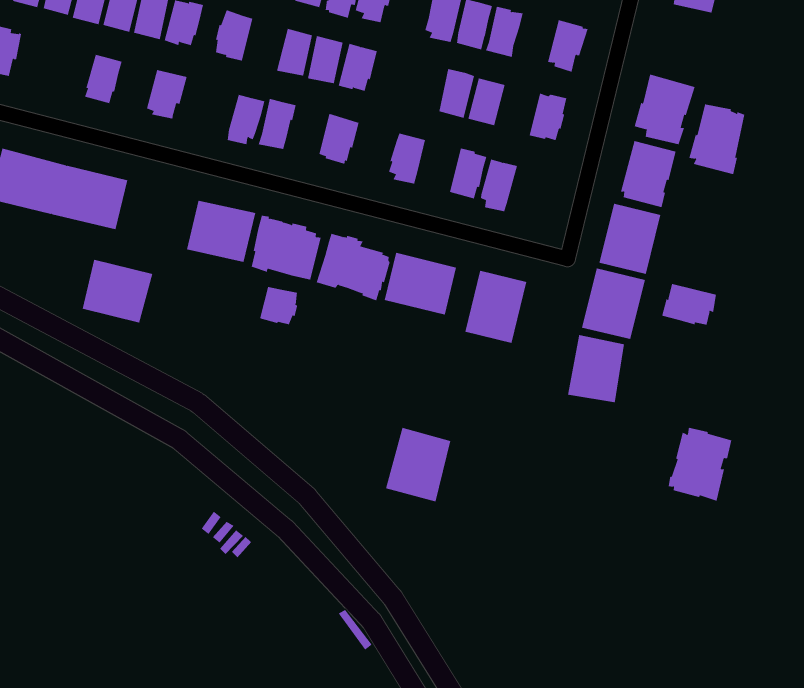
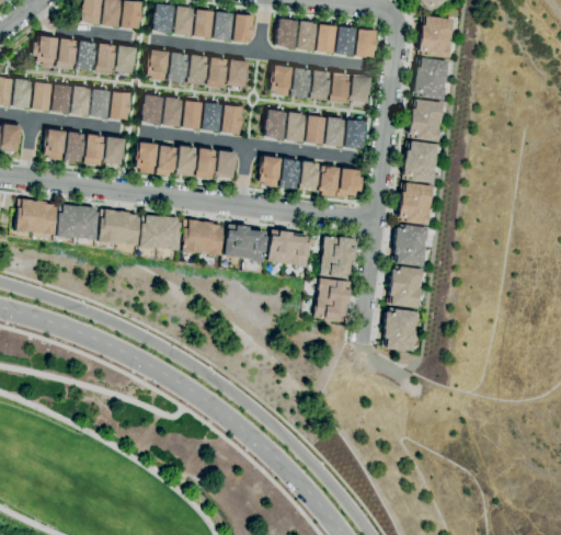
building: none -> [330,72,351,105]
building: none -> [162,98,182,127]
building: none -> [45,129,66,162]
building: none -> [264,110,286,140]
building: none -> [84,135,105,167]
building: none -> [324,117,345,147]
building: none -> [137,143,158,174]
building: [688,104,745,175] -> [414,58,446,100]
building: none -> [196,149,216,180]
building: none -> [279,159,300,190]
building: none -> [337,169,364,198]
building: [82,259,153,323] -> [99,209,140,246]
building: [662,283,716,325] -> none
building: [259,286,298,325] -> none
building: [385,427,451,502] -> [313,278,351,322]
building: [668,427,732,502] -> [382,308,419,352]

